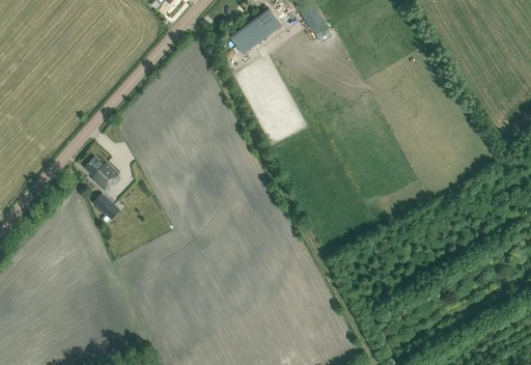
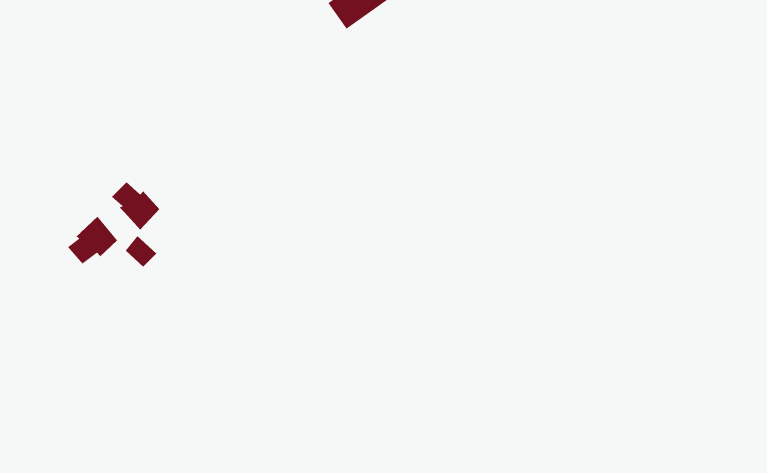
building: none -> [67,216,118,264]

